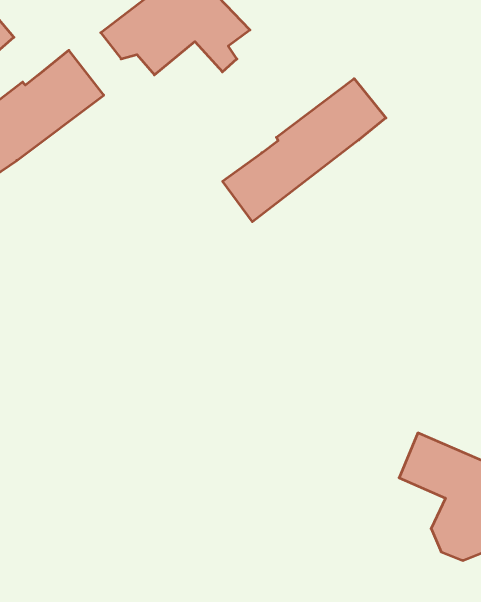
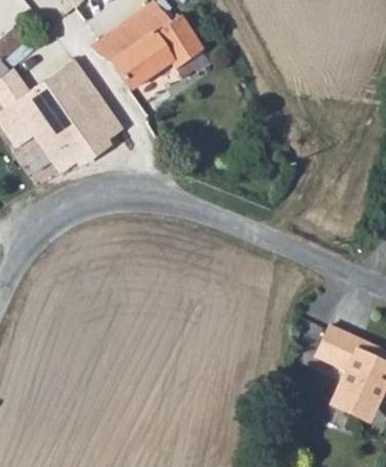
building: [223,79,386,222] -> none
building: none -> [41,91,128,168]

